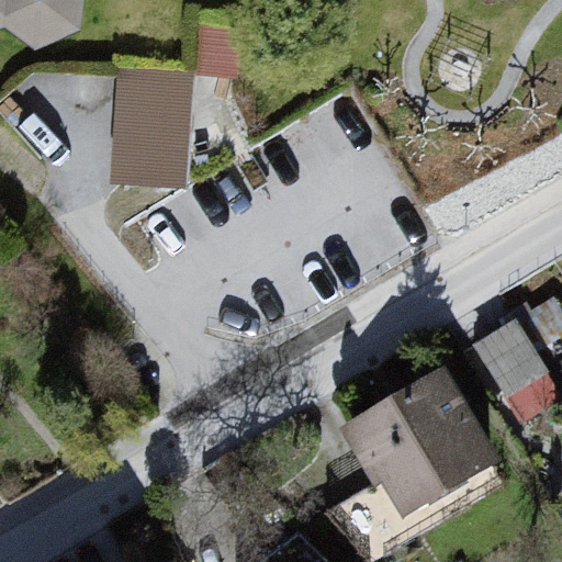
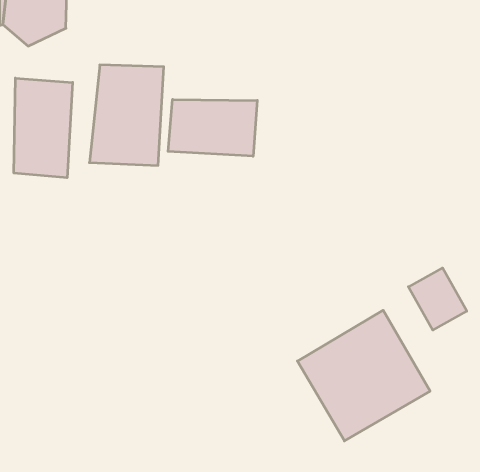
building: none -> [14,78,73,178]
building: none -> [168,99,257,156]

